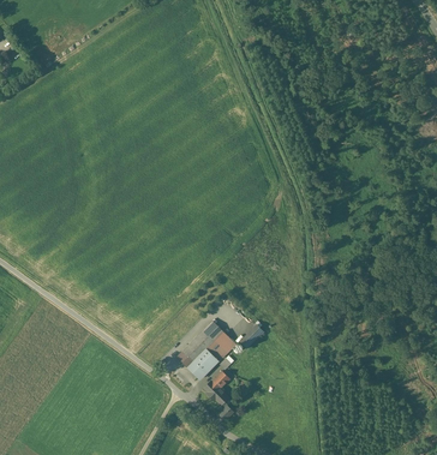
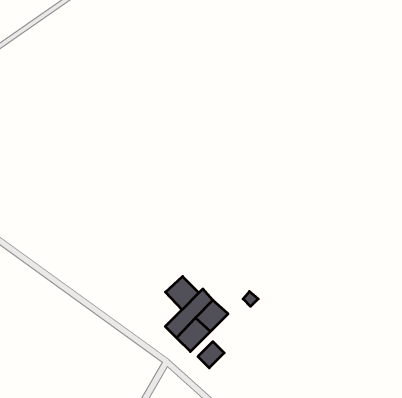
building: none -> [165,276,199,310]

